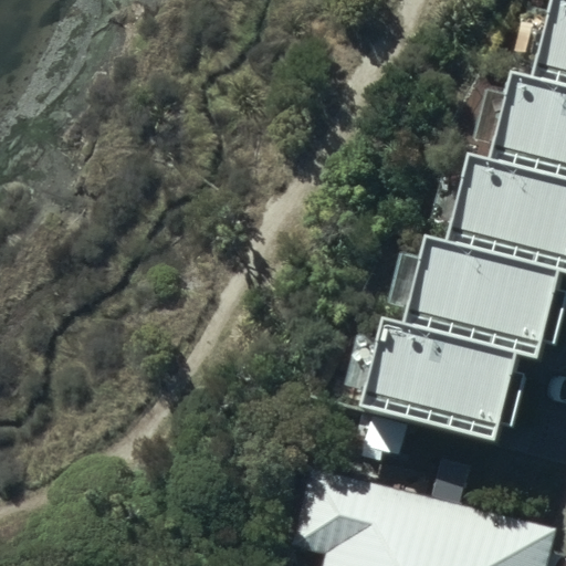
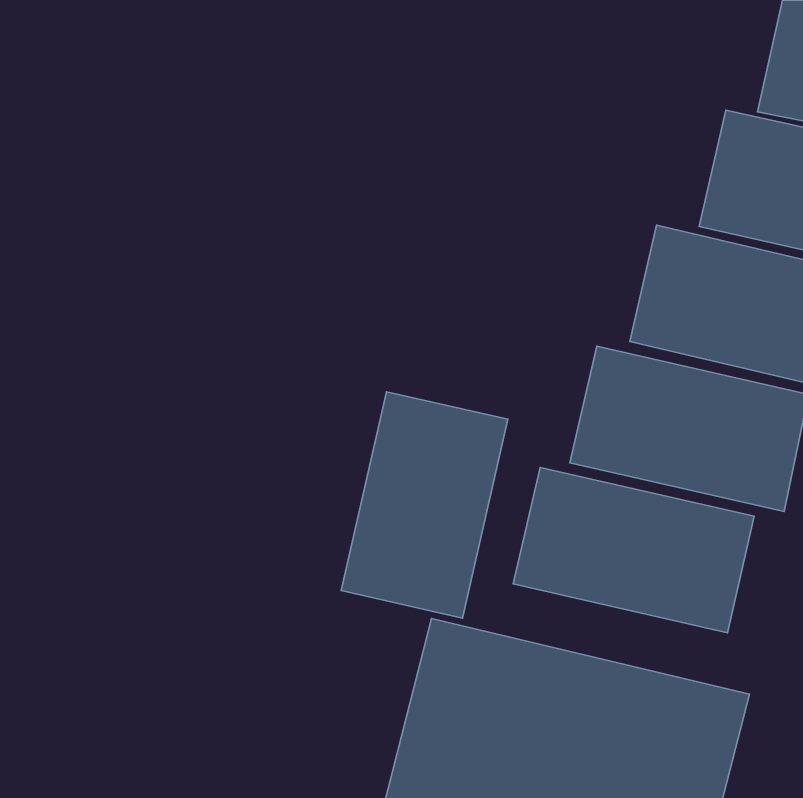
building: none -> [341,392,508,618]

